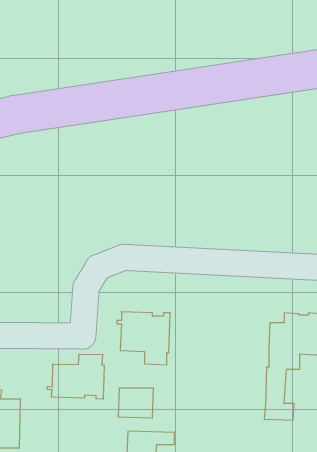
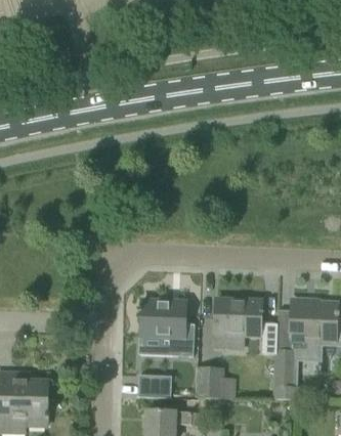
building: none -> [213,299,264,350]
building: [47,354,104,399] -> none
building: none -> [198,369,237,399]

